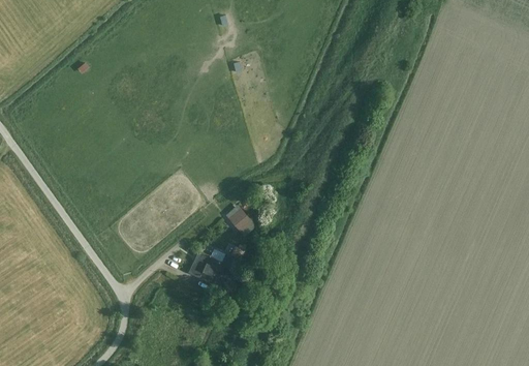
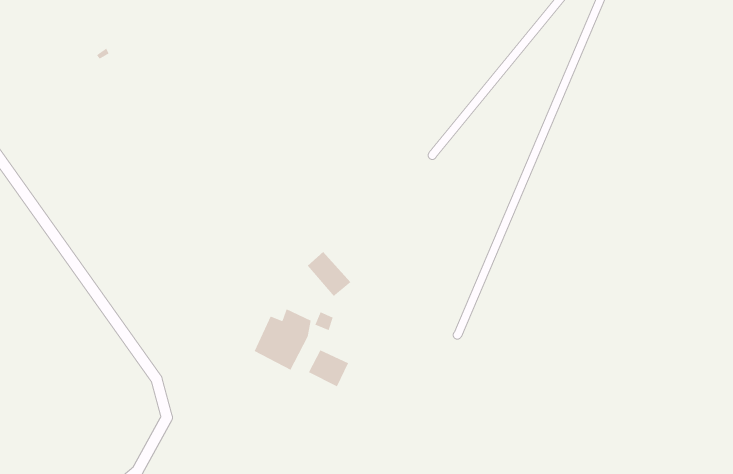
building: none -> [308,349,349,387]

